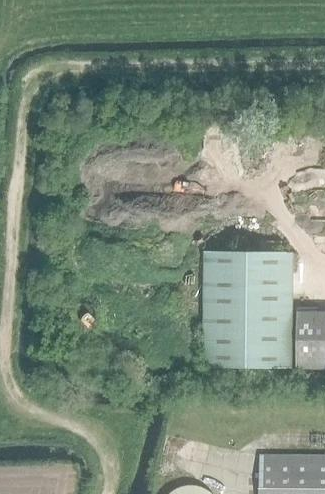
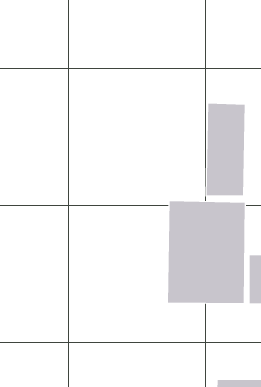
building: none -> [206,103,245,196]

